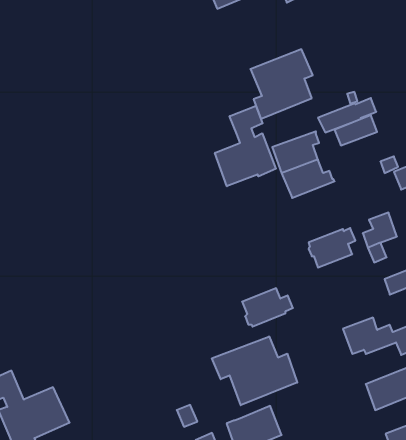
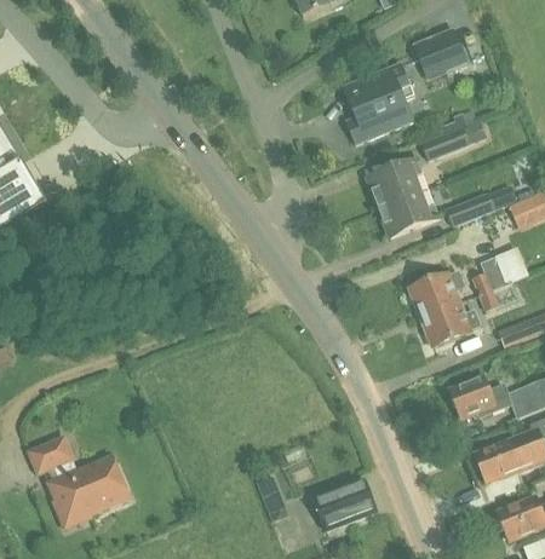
building: none -> [413,28,463,80]
building: [215,106,276,186] -> none
building: [334,115,377,145] -> [444,191,494,226]
building: [242,288,293,327] -> [419,301,478,346]
building: [212,336,297,405] -> none

